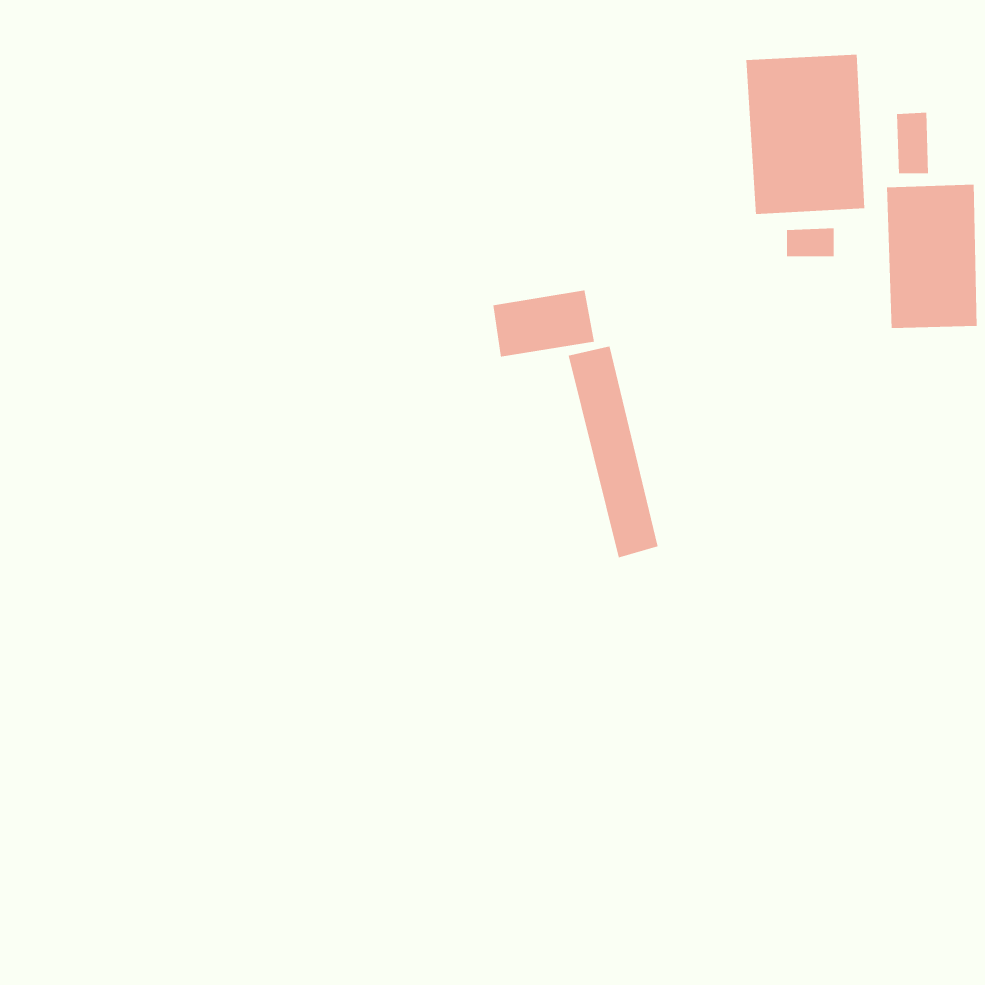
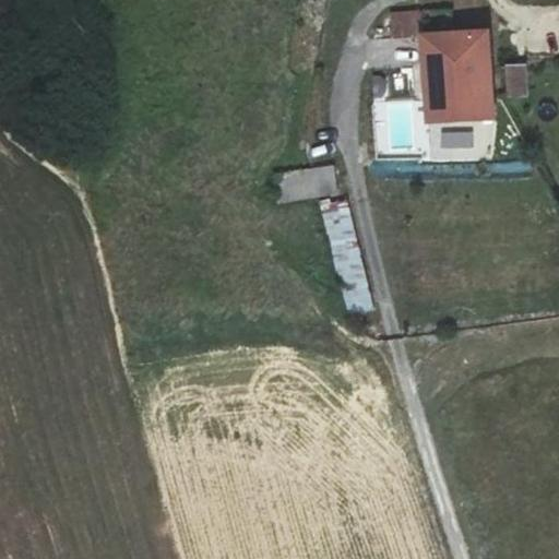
building: [886,184,977,329] -> none

